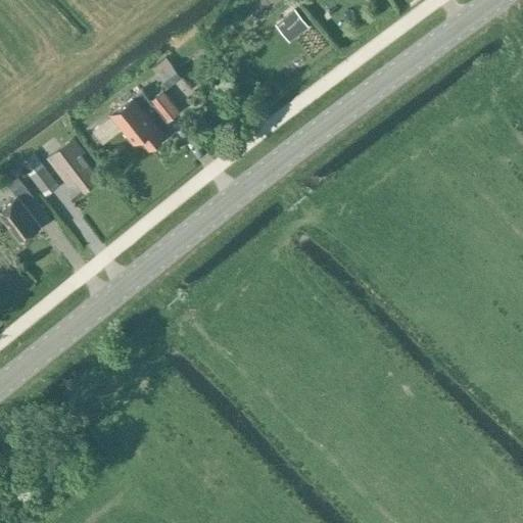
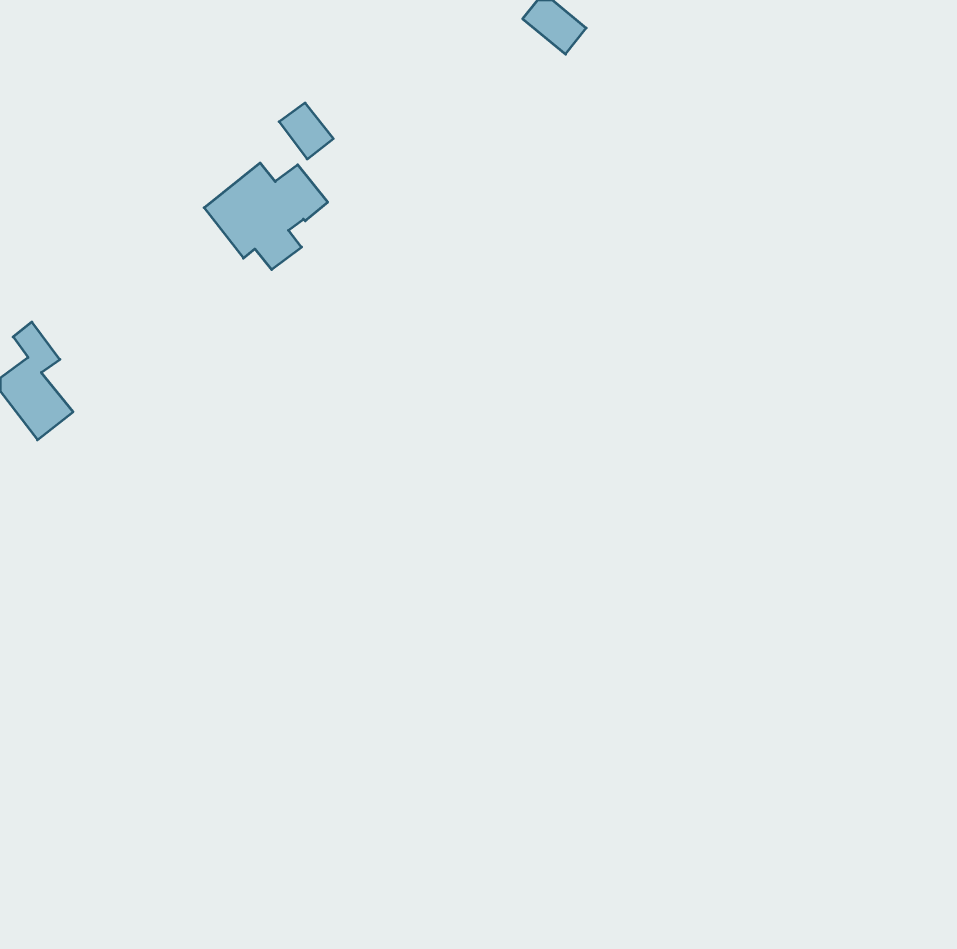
building: [47,141,99,195] -> none
building: [27,164,59,199] -> none

